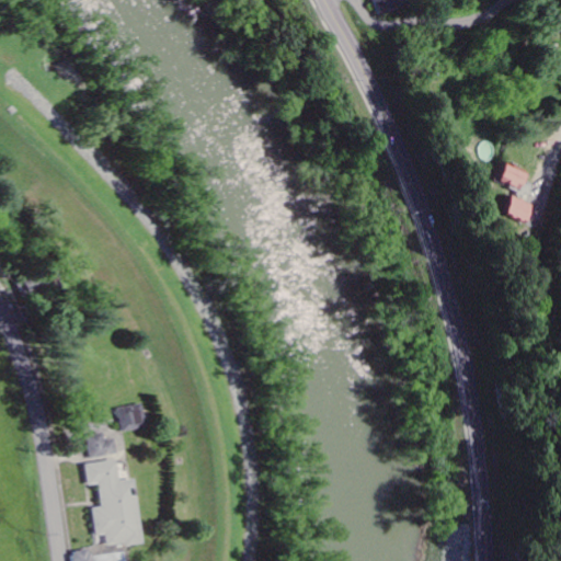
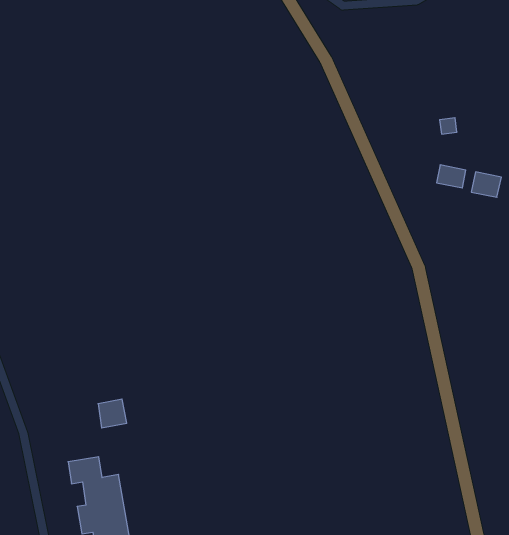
building: [495,165,525,190] -> [437,165,466,188]
building: [88,431,117,457] -> none

